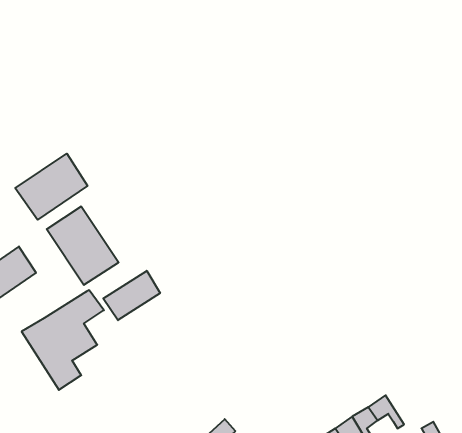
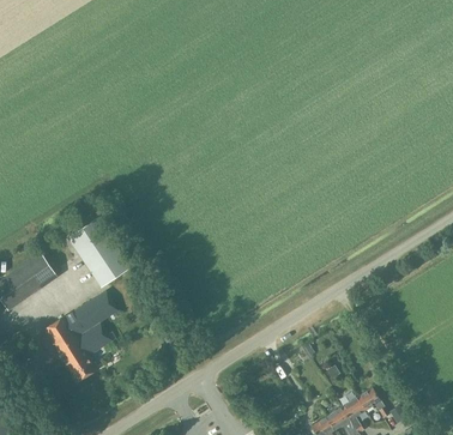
building: [15,154,87,220] -> none
building: [103,271,160,320] -> none

